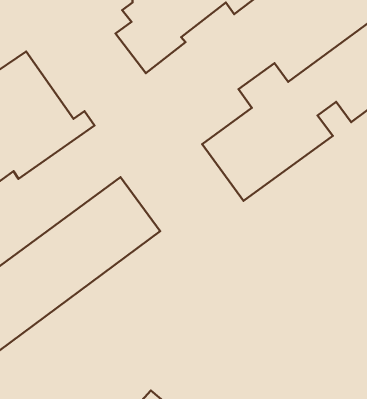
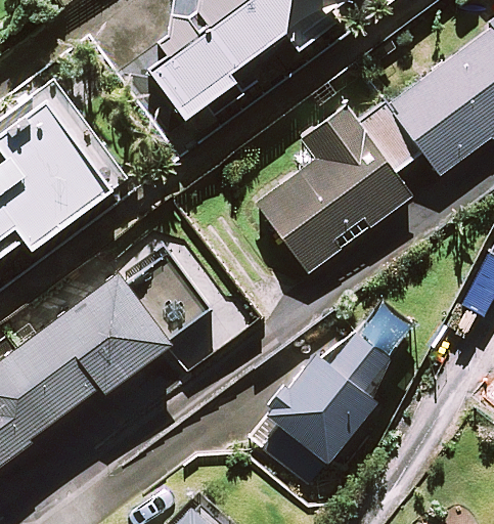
building: none -> [248,303,411,488]

